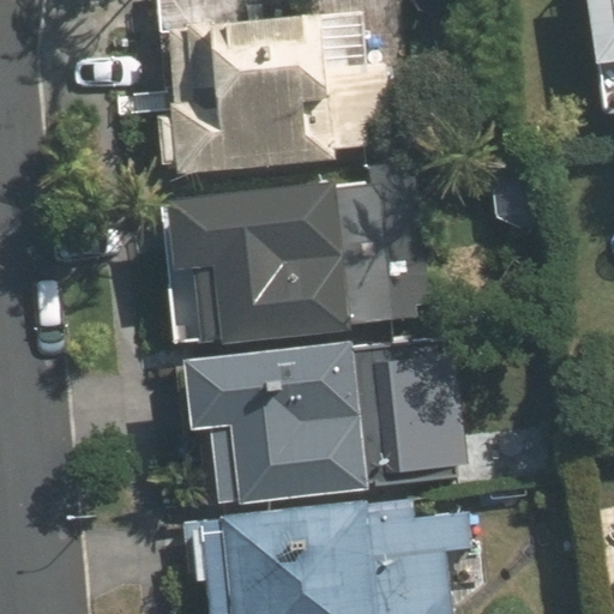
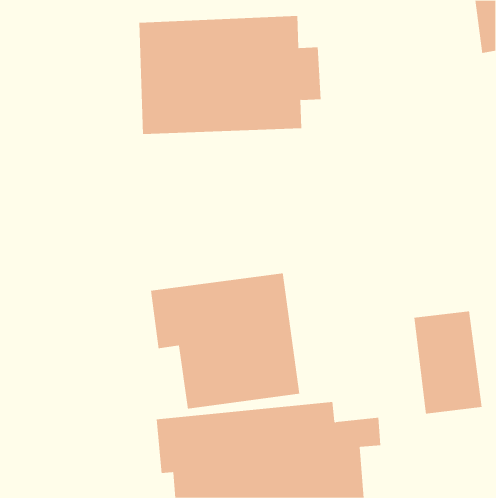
building: [162,185,377,348] -> none
building: [386,349,471,476] -> [413,311,483,414]

